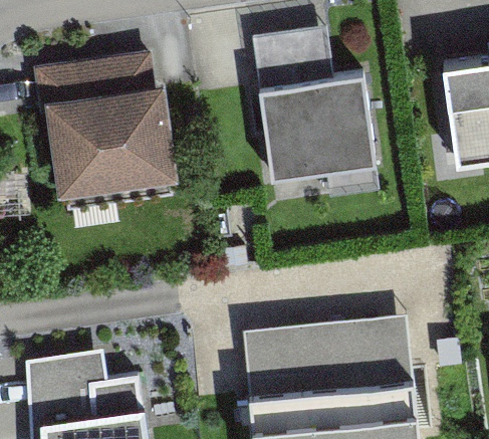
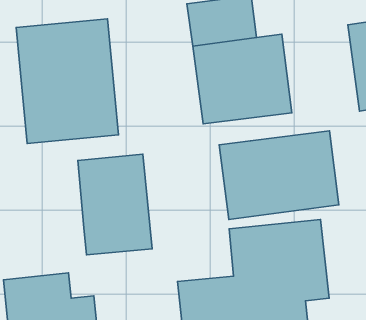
building: none -> [219,131,339,220]
building: none -> [78,154,152,255]

